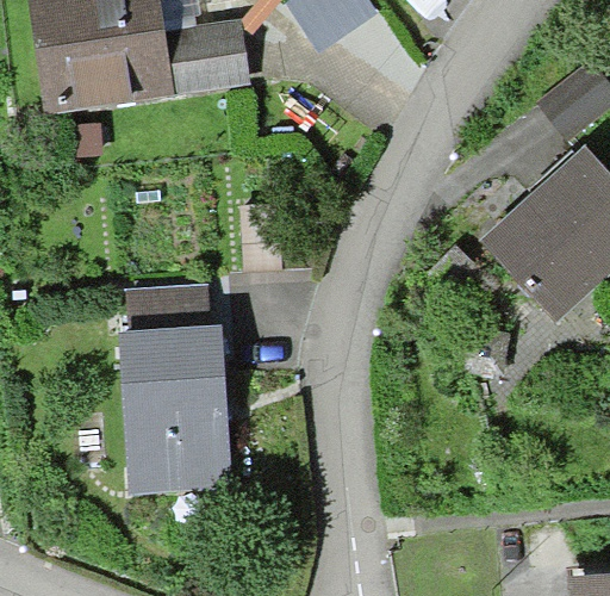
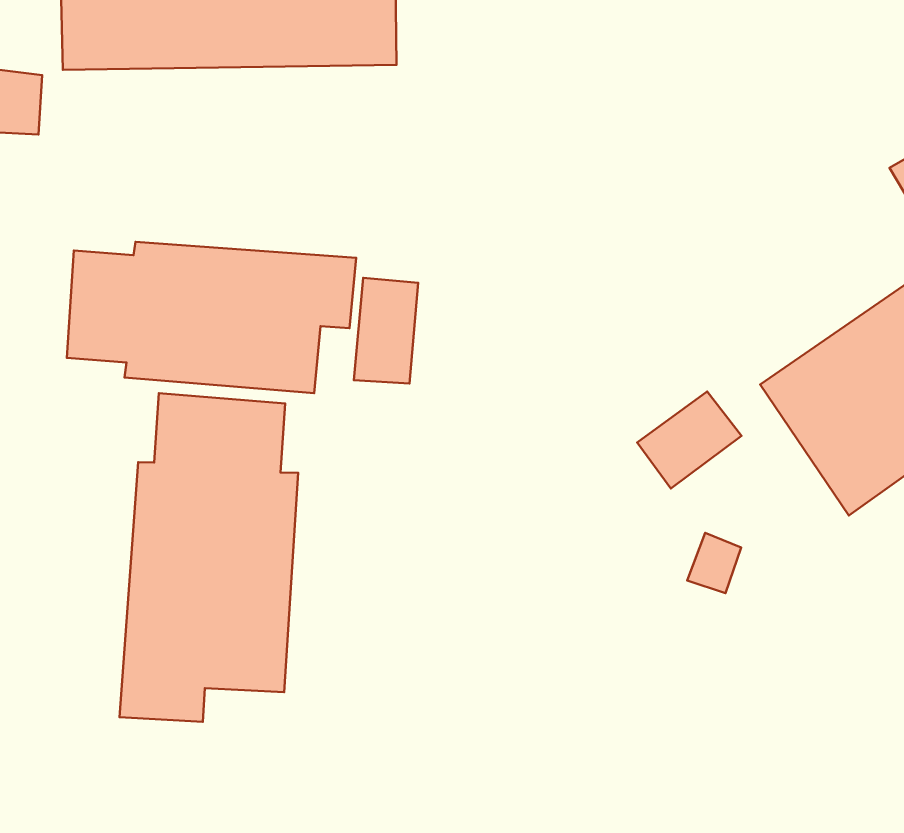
building: none -> [67,242,356,393]

